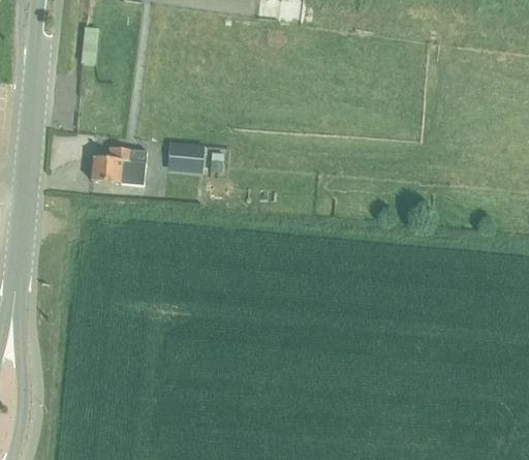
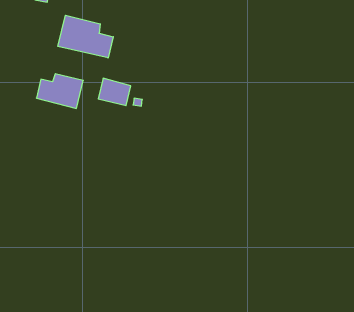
building: none -> [58,15,113,58]

